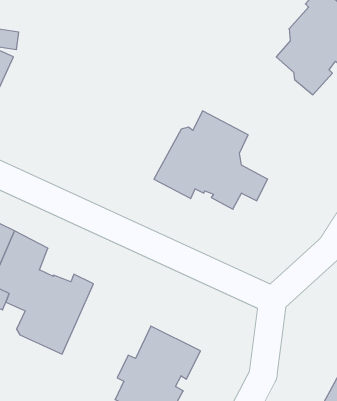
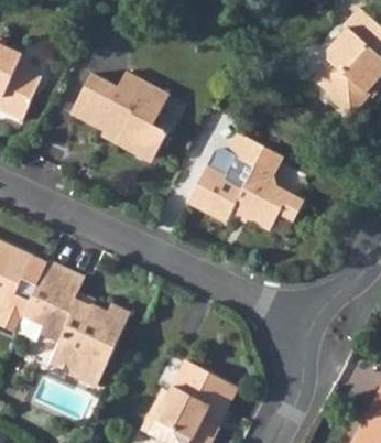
building: none -> [73,72,171,160]

